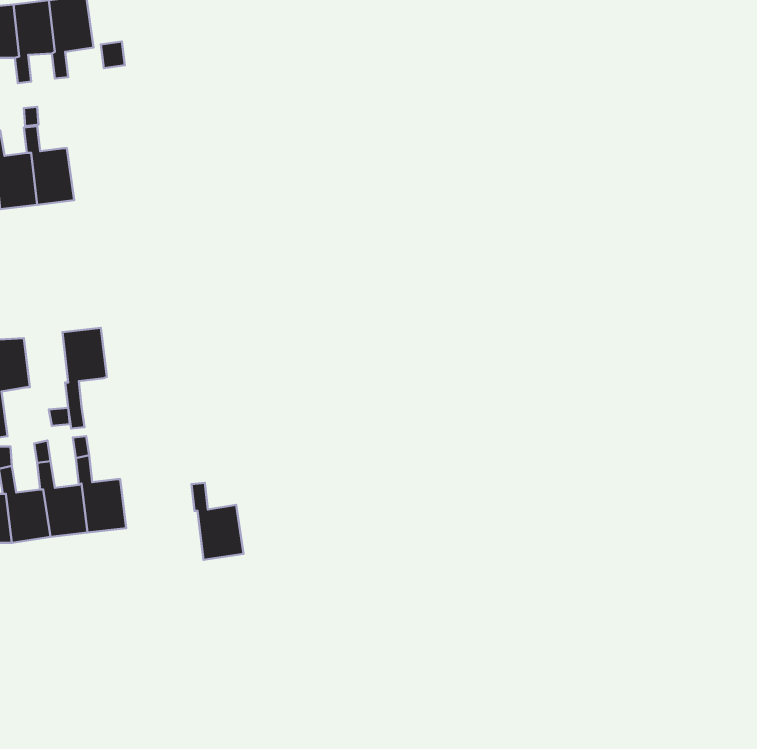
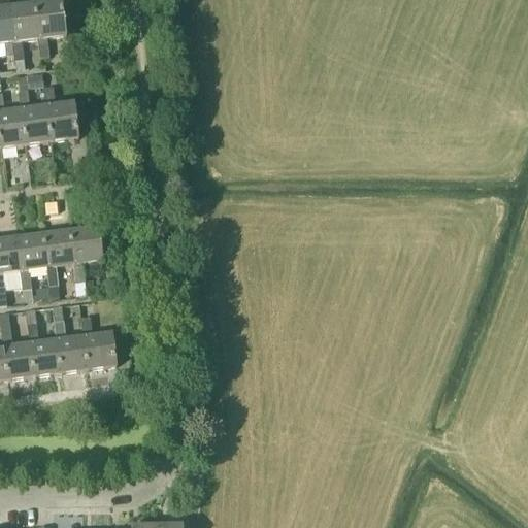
building: none -> [42,85,77,139]
building: none -> [70,225,101,280]
building: none -> [16,231,47,299]
building: [192,483,244,560] -> [79,314,116,367]

